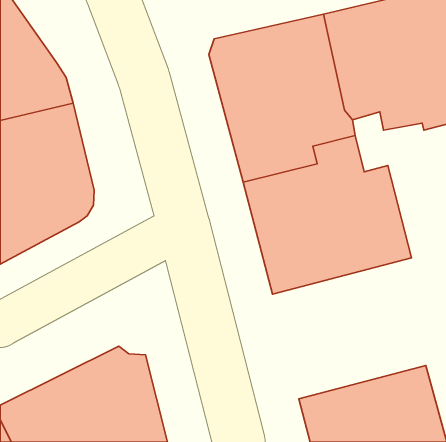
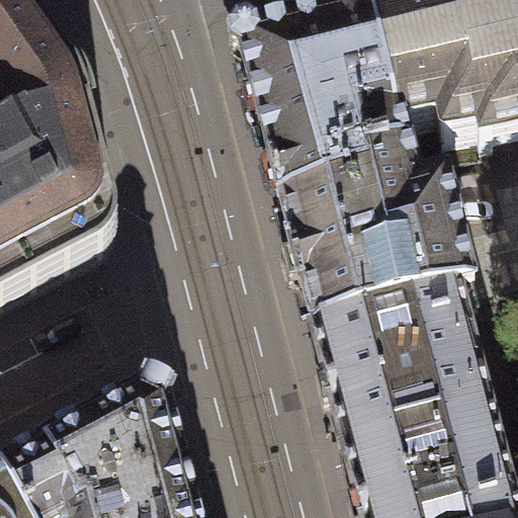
building: none -> [318,300,494,458]

